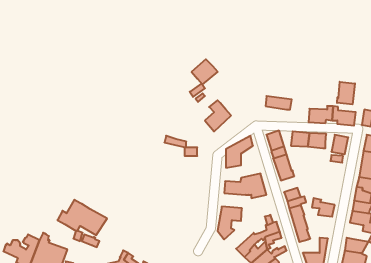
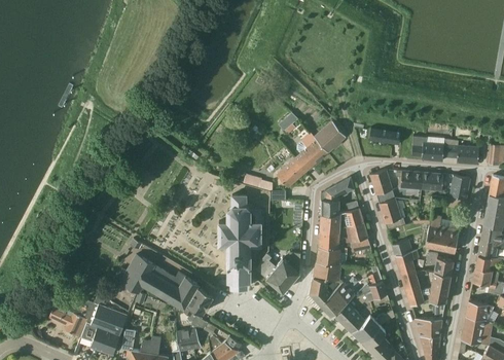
building: [192,59,218,85] -> [314,121,346,152]
building: [337,82,355,104] -> none
building: none -> [277,158,307,187]
building: none -> [219,195,263,289]
building: none -> [320,209,363,233]
building: none -> [426,216,460,252]
building: none -> [316,247,347,265]
building: none -> [255,253,300,292]
building: none -> [163,273,216,315]
building: none -> [420,274,451,302]
building: none -> [319,282,355,317]

